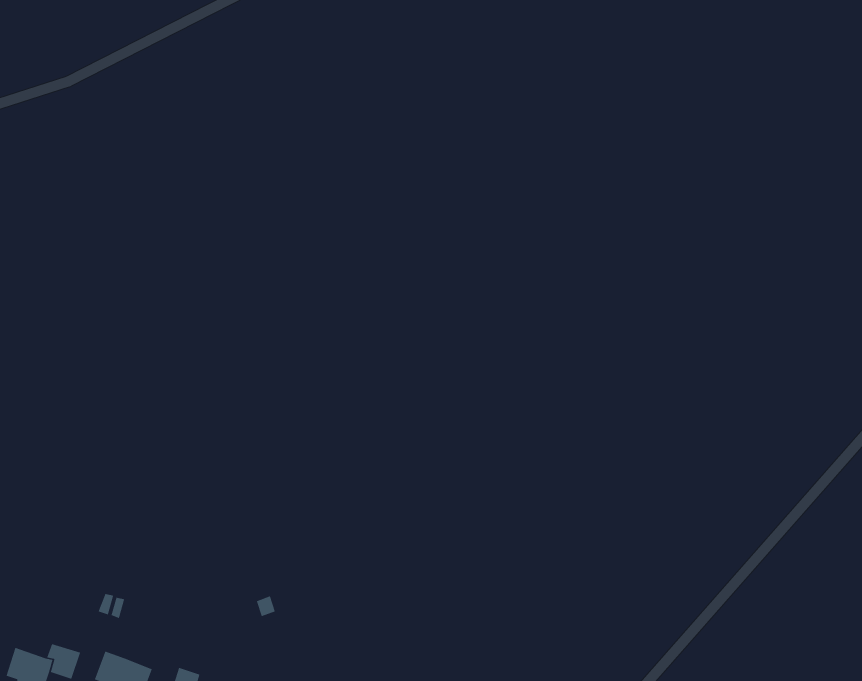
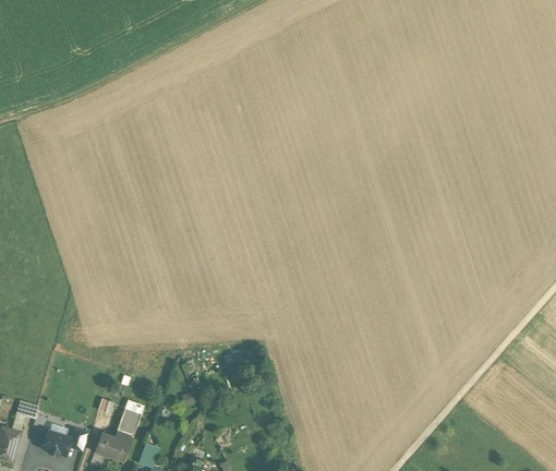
building: none -> [113,408,141,443]

